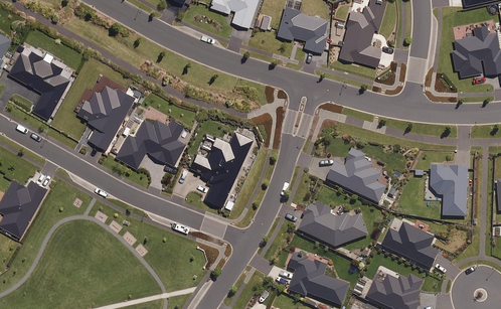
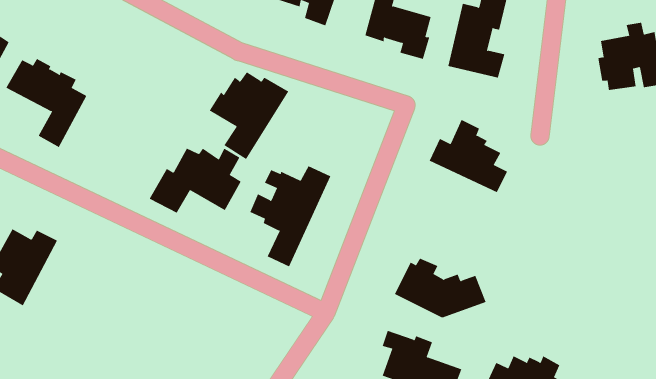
building: [76,83,137,149] -> [209,72,289,160]
building: [328,147,387,202] -> [429,119,508,193]
building: [432,165,468,215] -> none
building: [382,222,440,268] -> none

